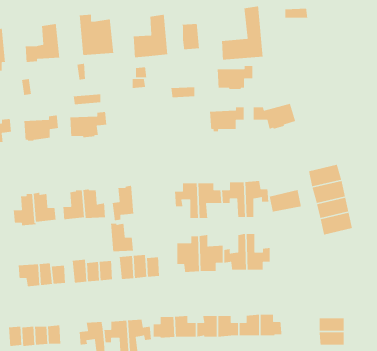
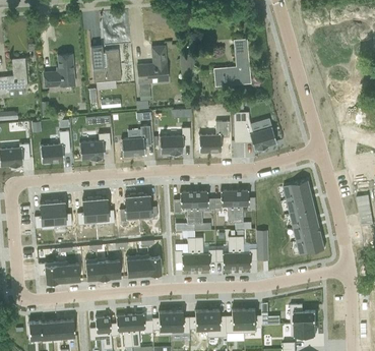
building: [217,65,253,90] -> [164,128,195,150]
building: none -> [125,128,155,153]
building: [269,189,302,213] -> [302,233,330,253]
building: [110,223,134,252] -> [136,195,157,221]

